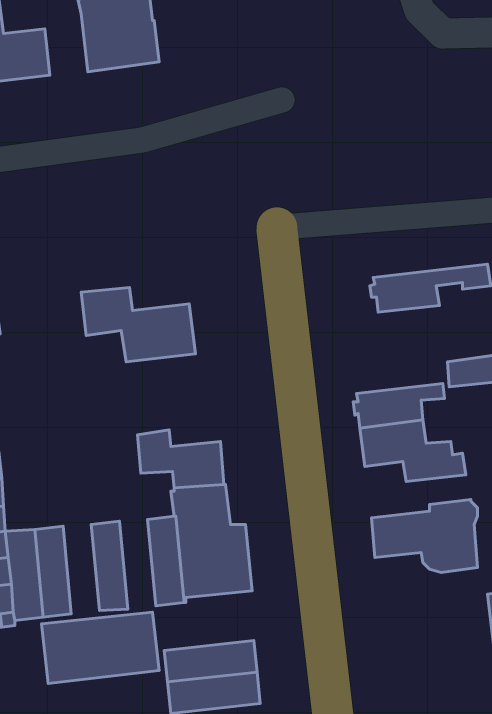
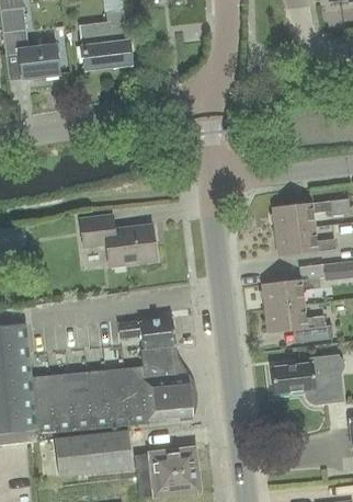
building: none -> [276,227,337,256]
building: none -> [105,368,129,427]
building: none -> [68,372,92,431]

